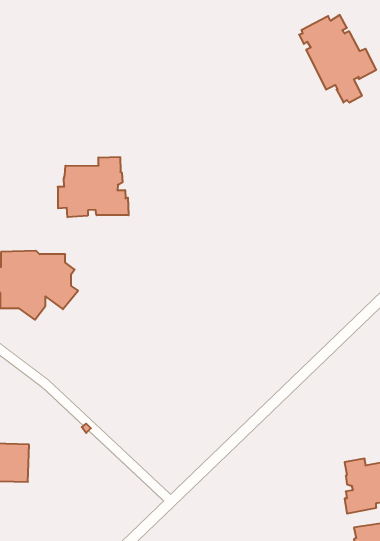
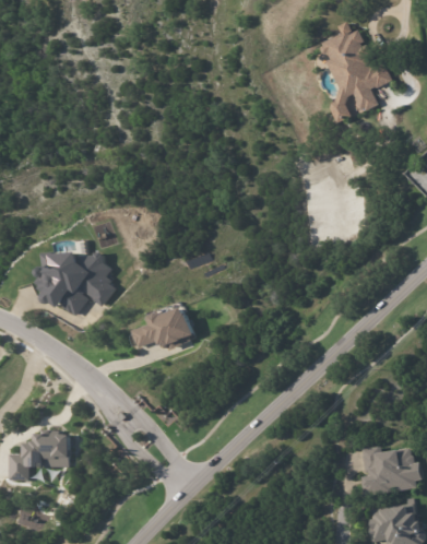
building: [58,157,129,217] -> none
building: none -> [130,307,193,350]

